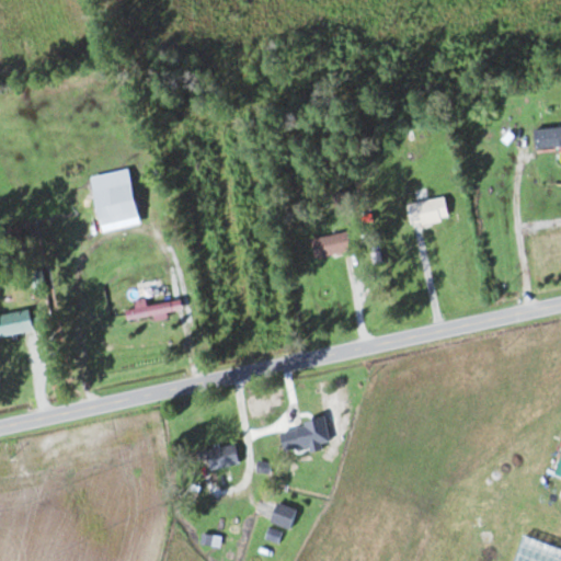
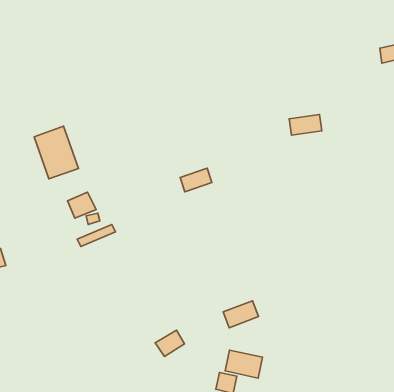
building: [311,232,350,257] -> [180,168,212,192]
building: none -> [68,192,96,218]
building: none -> [225,350,262,378]

